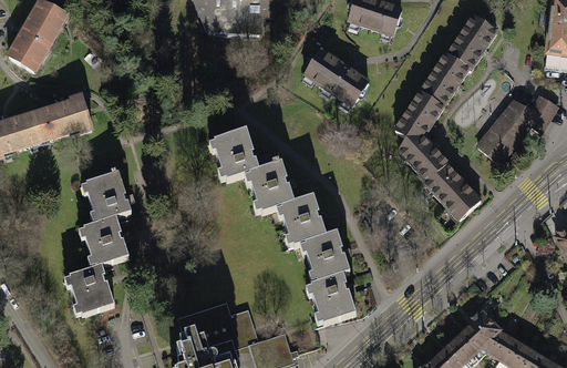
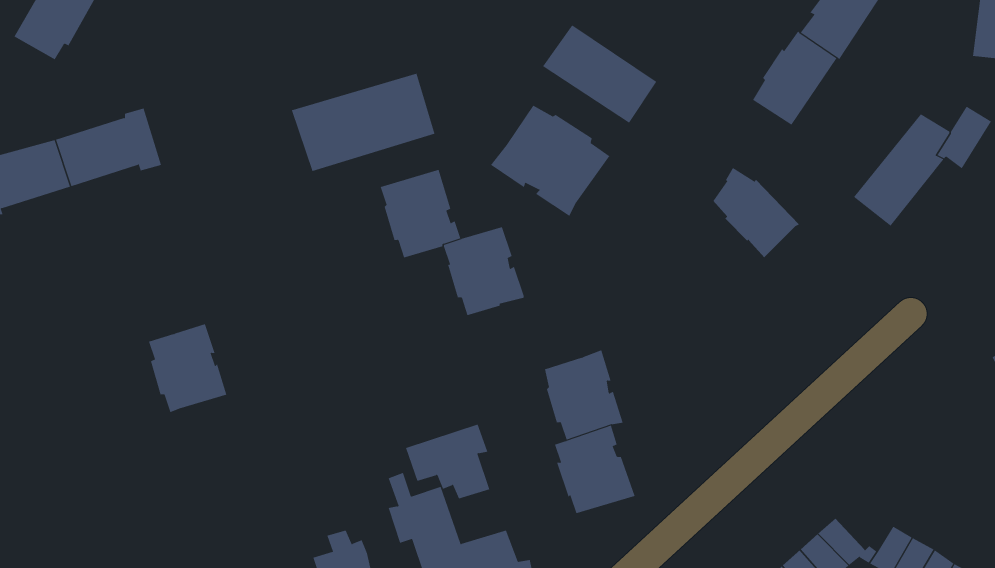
building: none -> [291,73,435,172]
building: [395,90,443,135] -> none
building: none -> [490,105,610,217]
building: [425,161,480,217] -> none
building: [85,167,131,221] -> none
building: [280,194,326,244] -> none
building: [69,263,114,313] -> none
building: [176,301,224,344] -> [405,424,490,499]
building: [467,309,499,343] -> none

